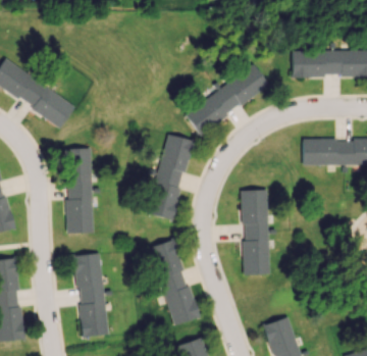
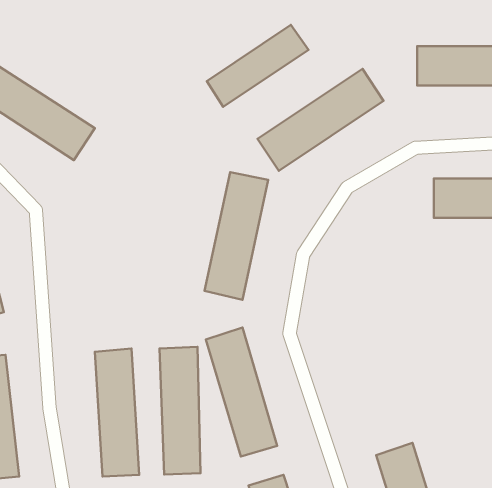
building: none -> [207,25,308,107]
building: [65,148,93,234] -> [160,347,201,475]
building: [241,189,270,275] -> none

